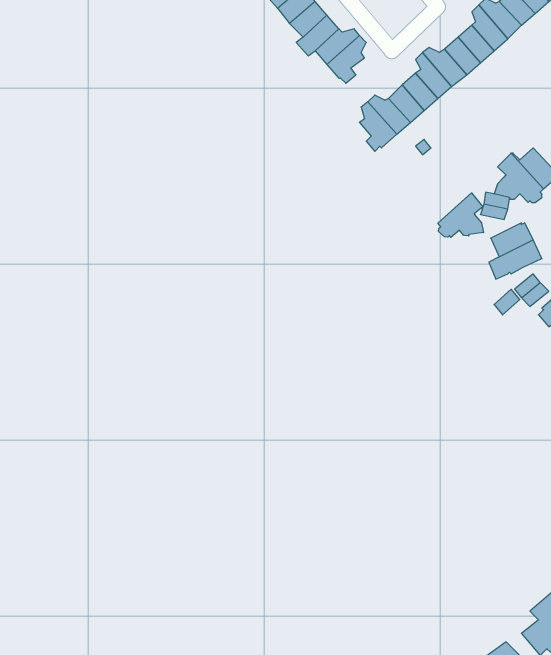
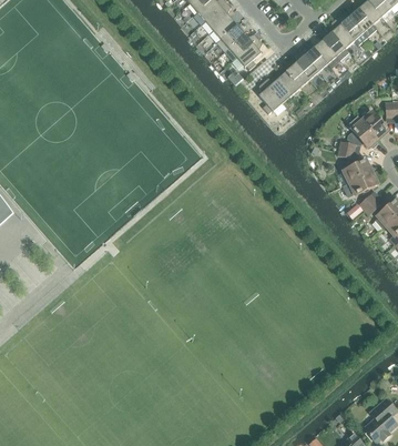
building: [438,193,484,237] -> none

